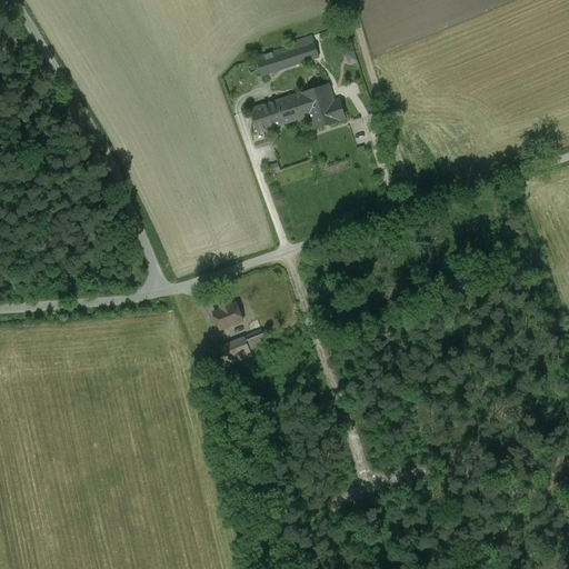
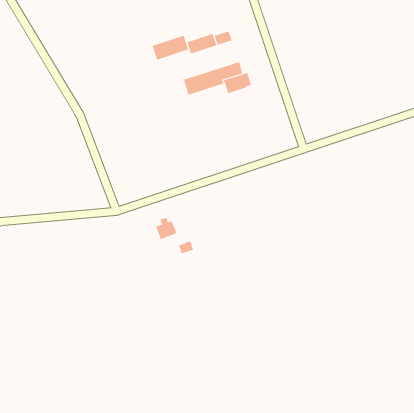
building: none -> [152,35,189,61]
building: [219,337,251,365] -> none

